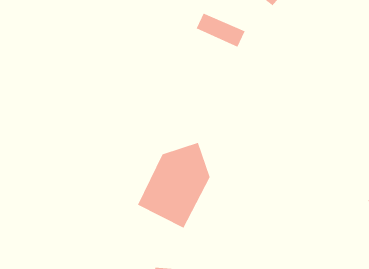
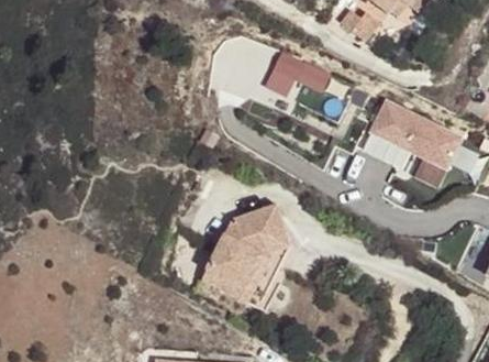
building: none -> [362,99,457,176]

